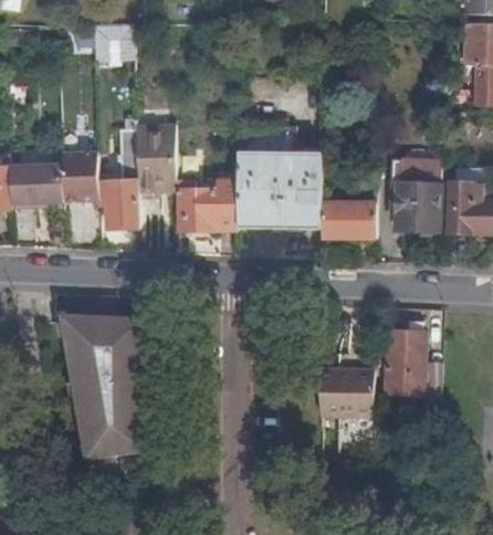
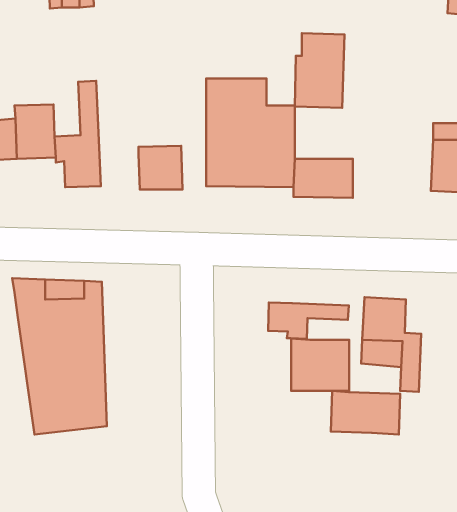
building: [136,124,176,198] -> none
building: [395,161,441,231] -> [295,33,344,108]
building: [216,177,239,230] -> none
building: none -> [268,302,349,339]
building: none -> [331,391,400,434]

